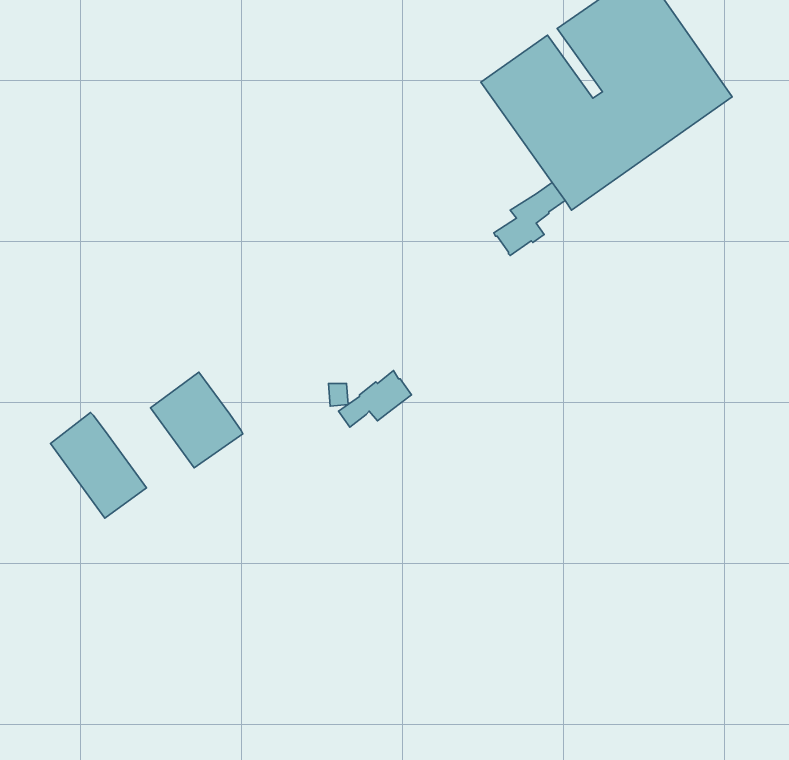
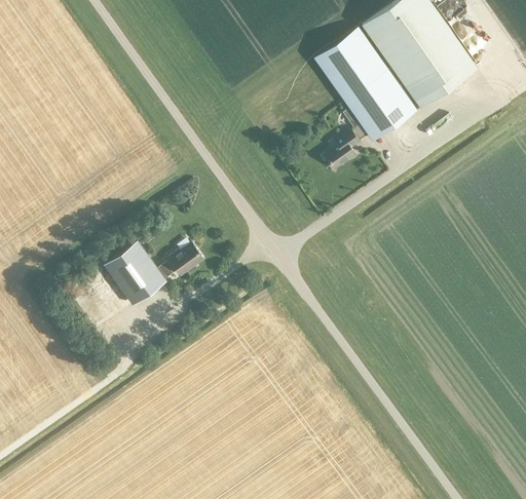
building: [339,371,411,427] -> [156,243,202,279]
building: [50,412,147,518] -> none

